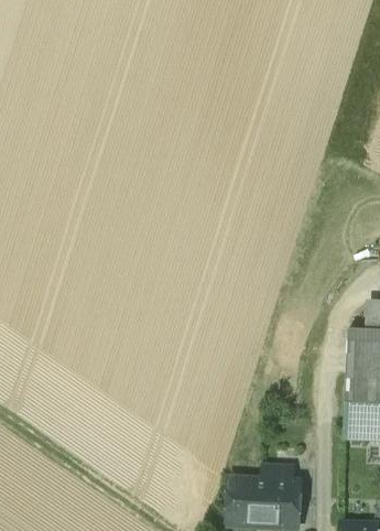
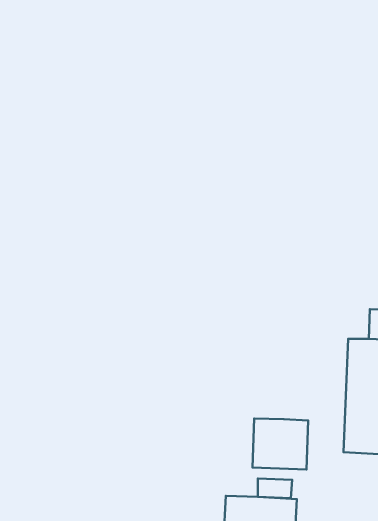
building: none -> [253,419,308,469]

